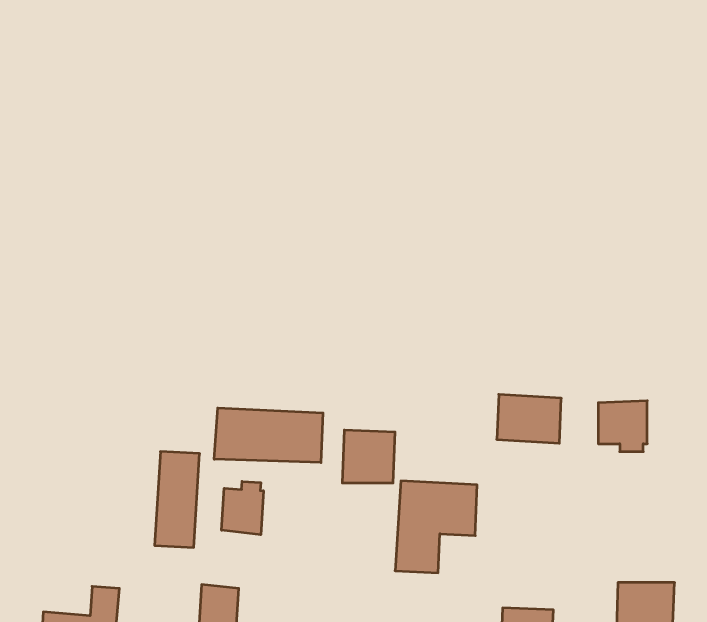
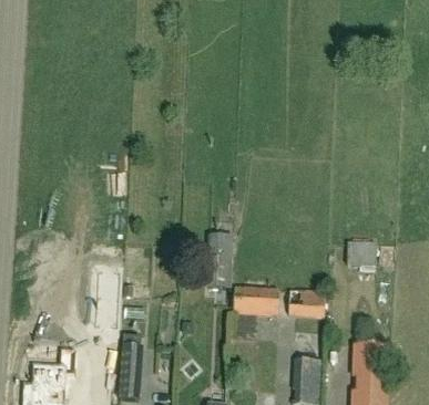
building: [497,394,561,443] -> [287,288,324,315]
building: [214,408,323,463] -> none
building: [222,481,263,535] -> none

